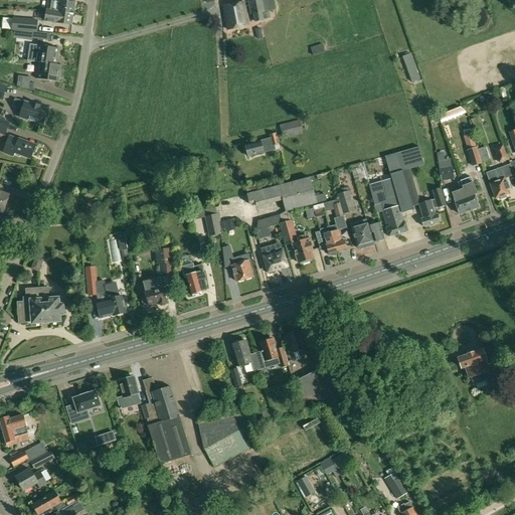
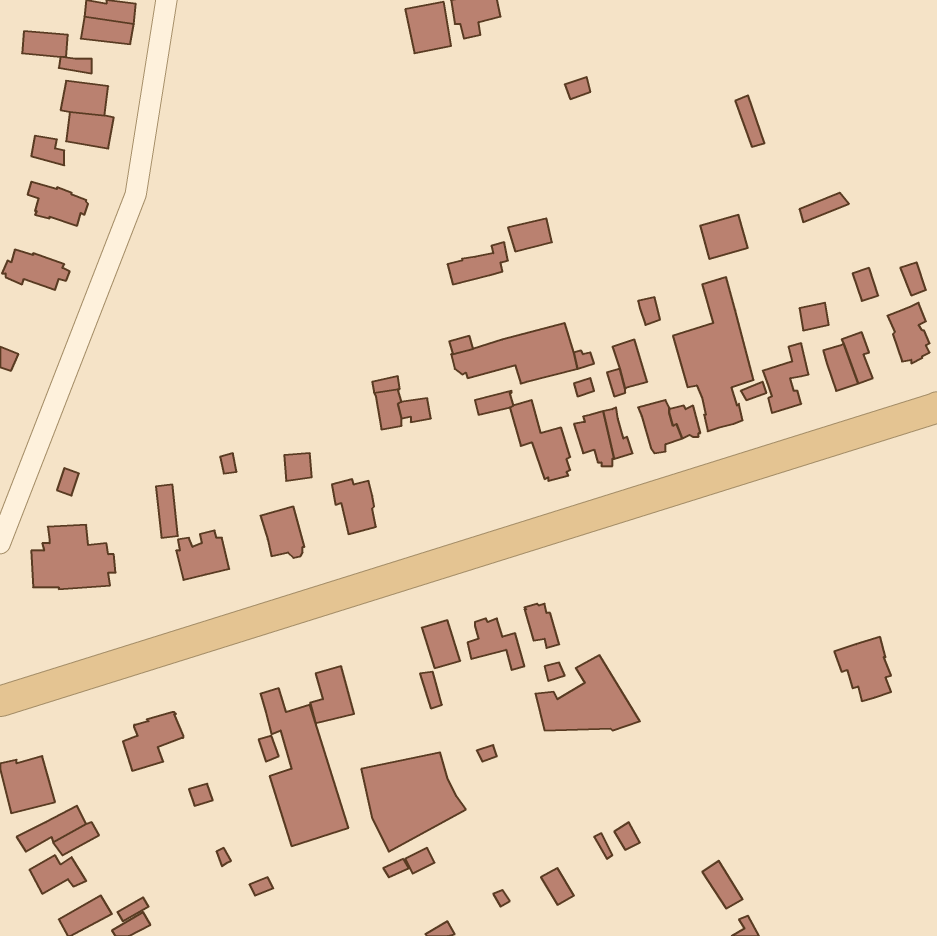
building: [398,146,424,170] -> [700,215,748,259]
building: [261,242,287,274] -> none
building: [231,253,252,282] -> none
building: [117,377,141,408] -> [310,666,354,723]

